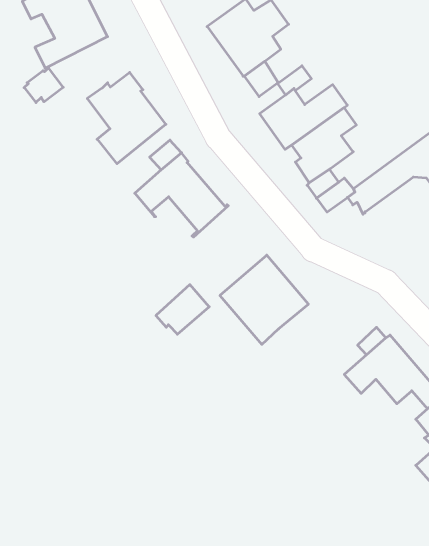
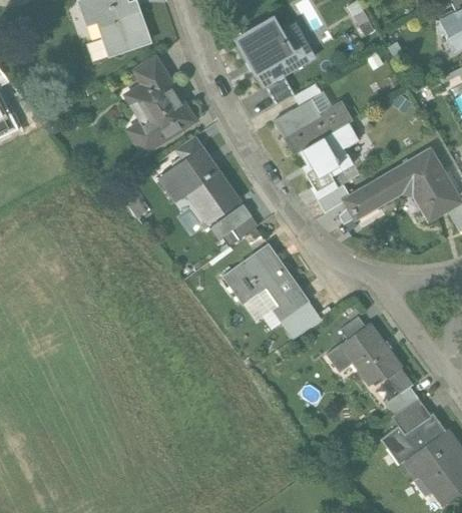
building: [24,68,63,103] -> [132,56,166,85]
building: [156,285,209,334] -> [211,204,259,246]
building: none -> [274,291,321,338]

